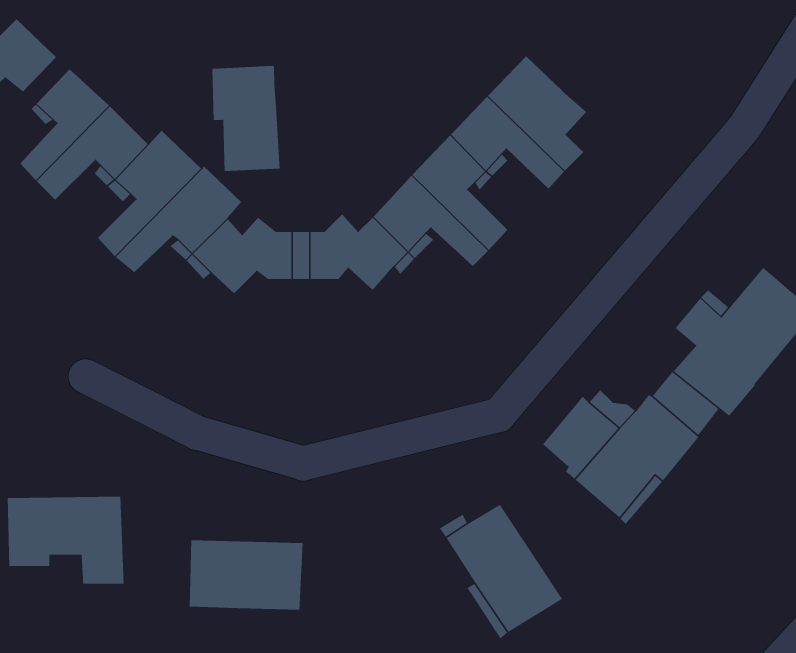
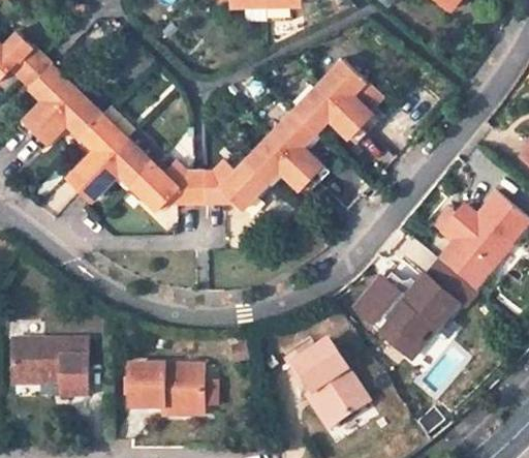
building: [211,65,280,172] -> none

